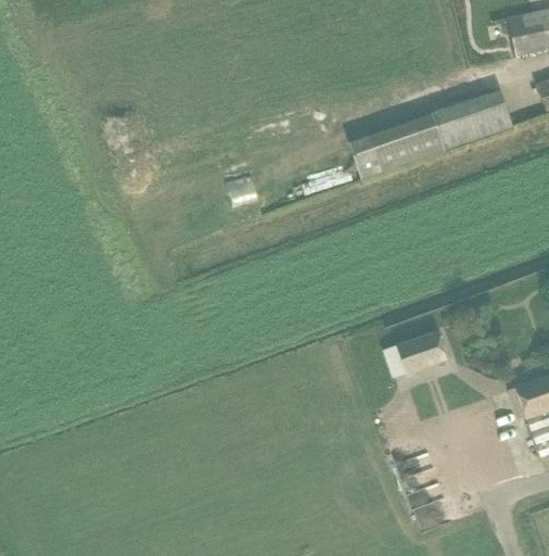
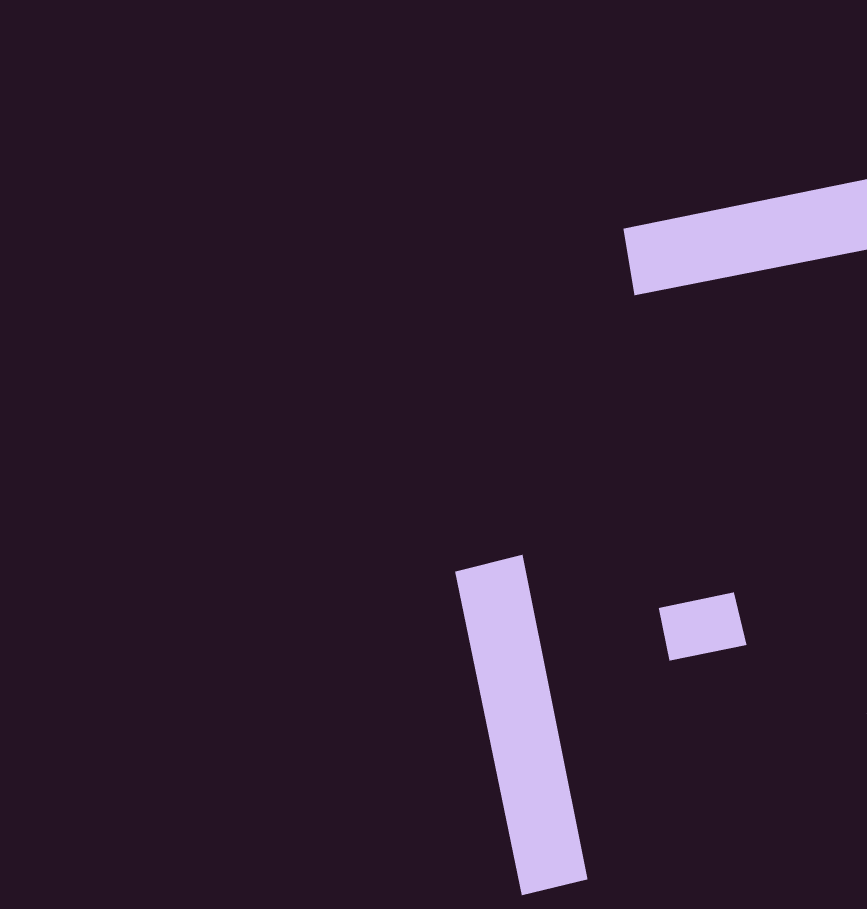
building: none -> [454,554,589,896]

